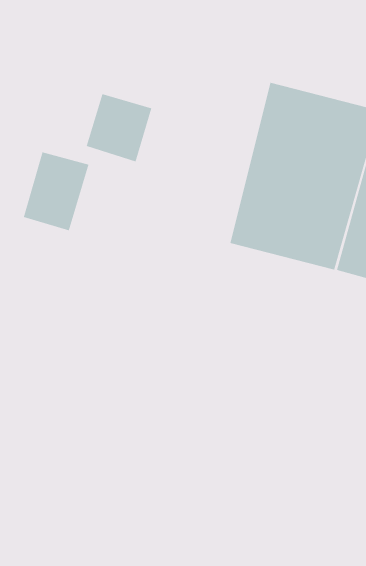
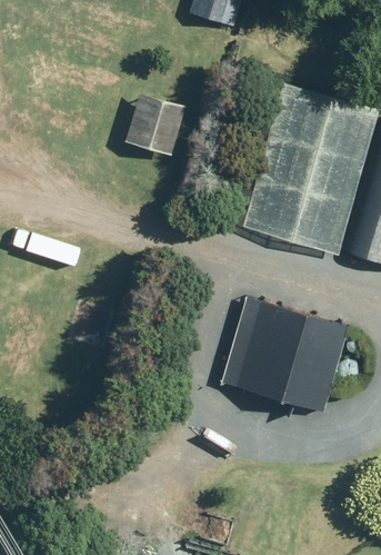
building: [23,152,89,231] -> none
building: none -> [215,296,343,412]

